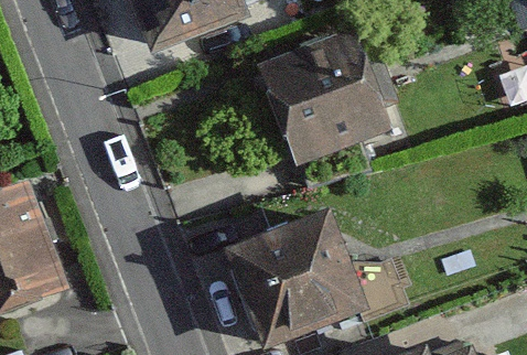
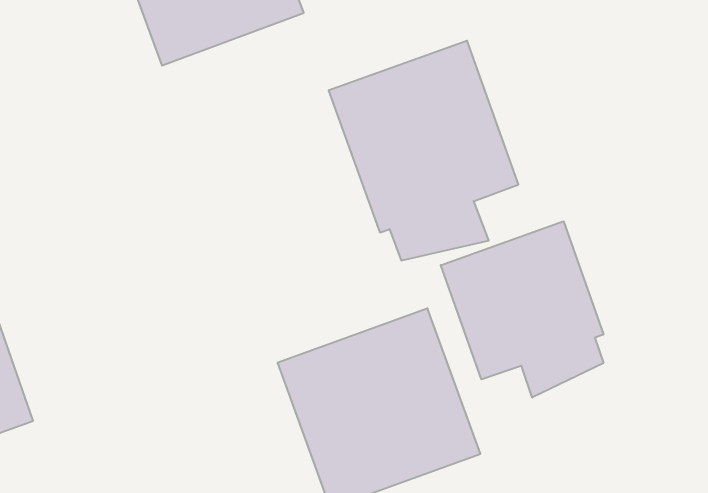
building: none -> [441,221,603,398]

